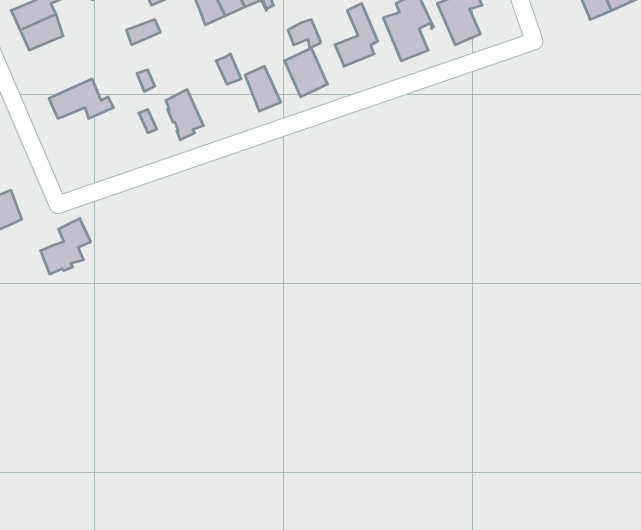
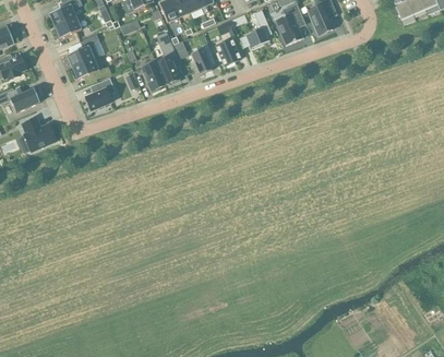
building: none -> [67,34,99,67]
building: none -> [155,36,182,79]
building: [40,218,91,274] -> [85,76,116,110]

